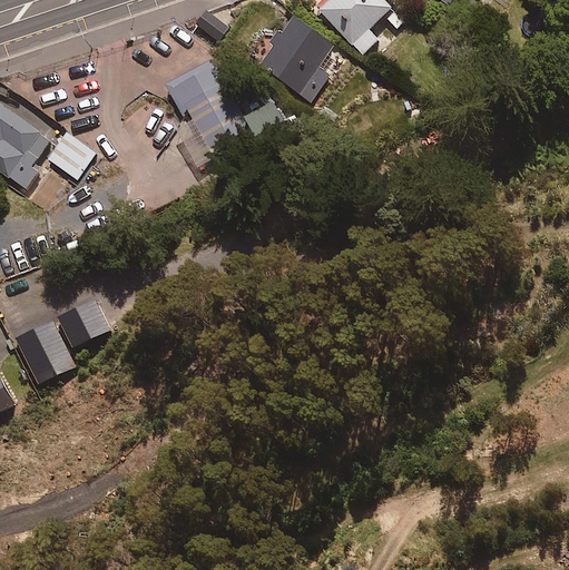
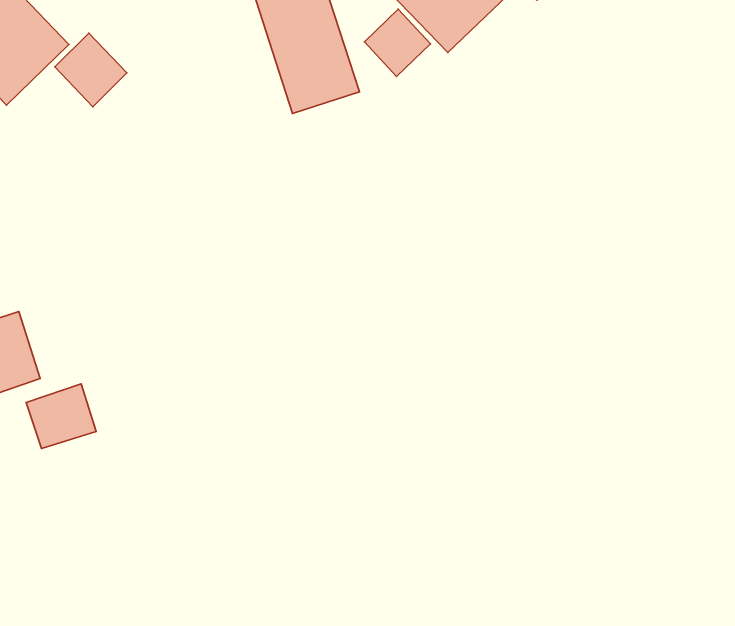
building: none -> [364,9,430,76]
building: [58,301,108,348] -> [26,384,96,448]

